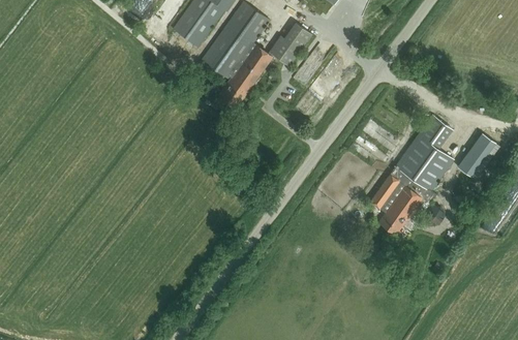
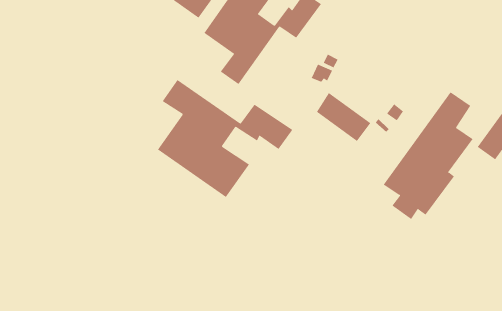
building: none -> [157,79,293,198]
building: none -> [316,92,371,142]

